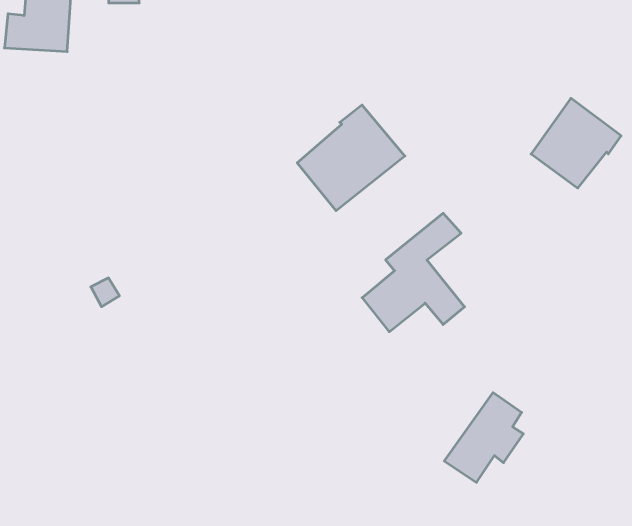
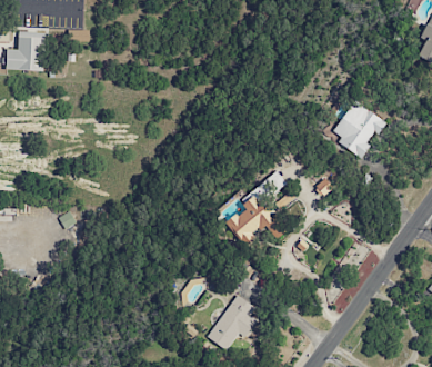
building: [297,105,405,211] -> none
building: [444,393,523,482] -> [208,295,257,350]

